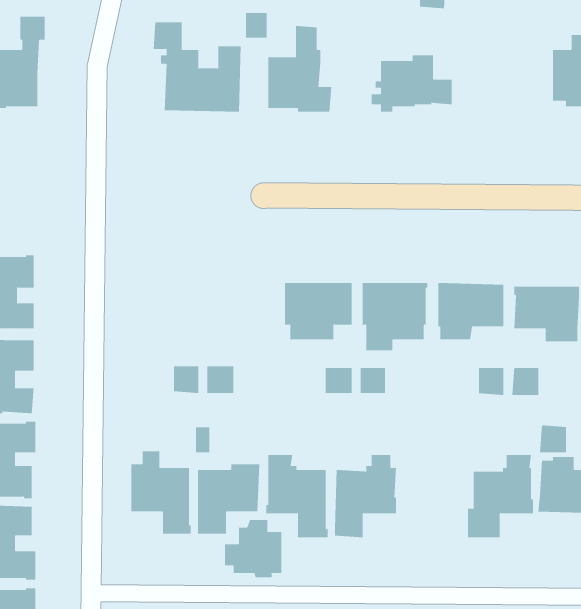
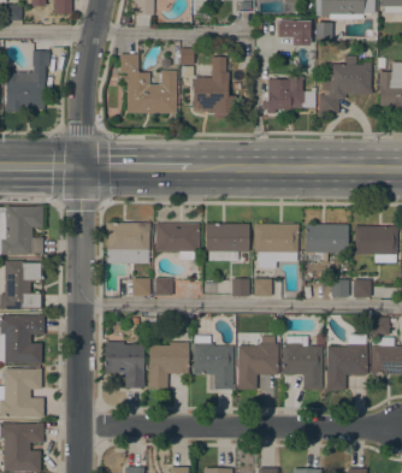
building: none -> [319,55,372,113]
building: none -> [155,221,199,260]
building: none -> [106,223,149,265]
building: none -> [282,336,323,390]
building: [225,519,282,578] -> none

